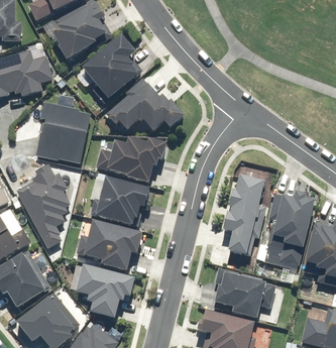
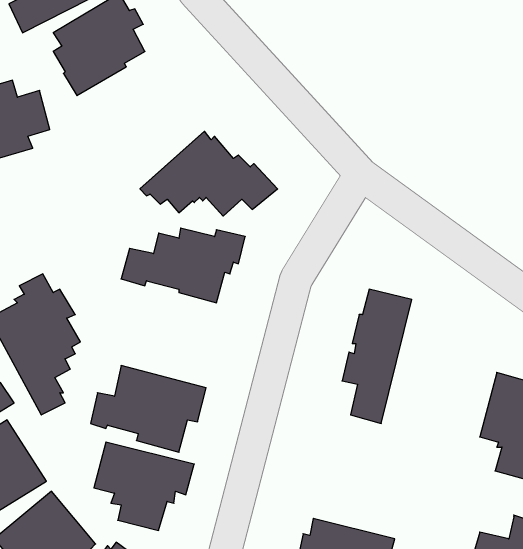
building: [83,34,139,103] -> none
building: [33,102,89,163] -> none
building: [88,176,150,225] -> none
building: [260,191,315,270] -> none
building: [211,268,273,318] -> none

